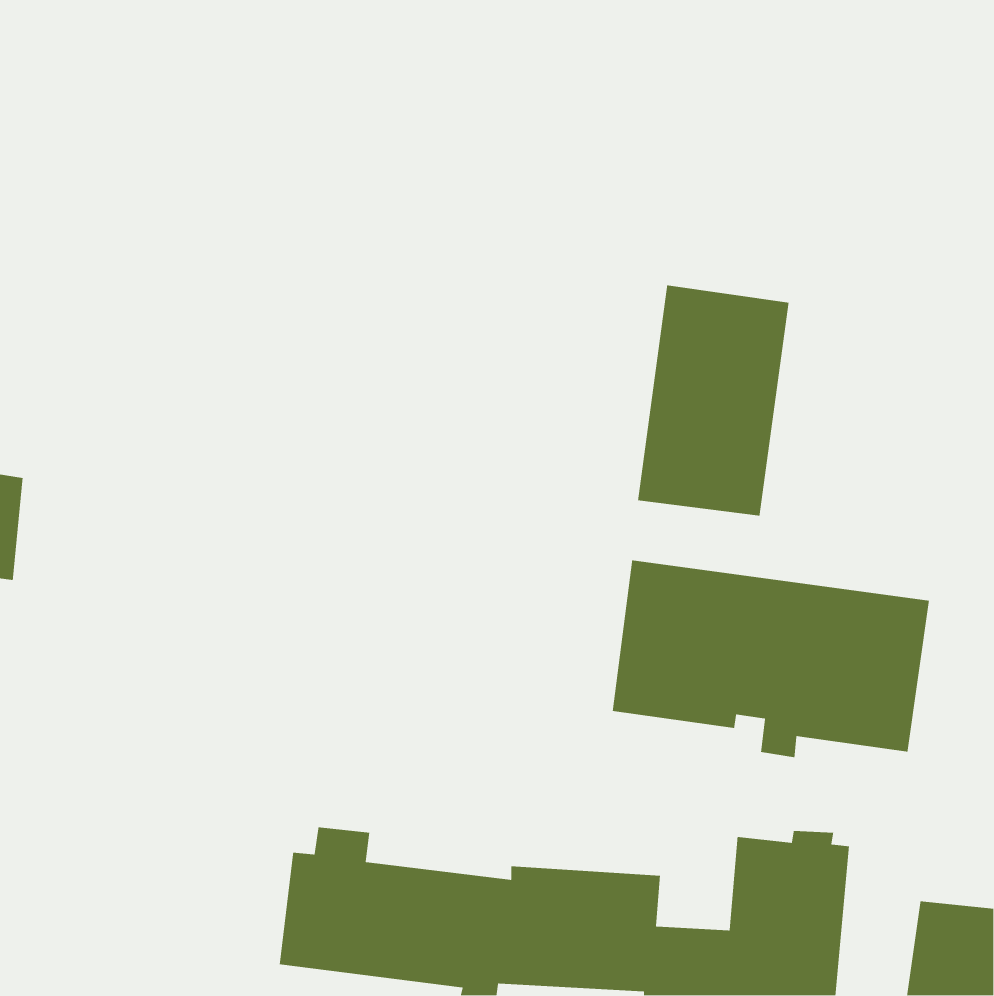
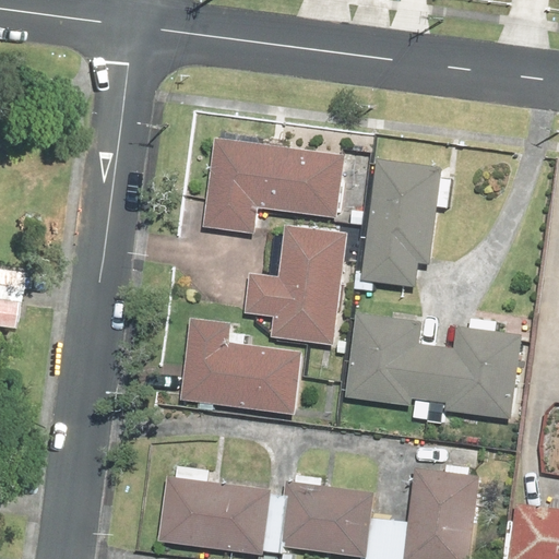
building: none -> [204,140,345,234]
building: none -> [243,226,345,343]
building: none -> [178,321,302,414]

